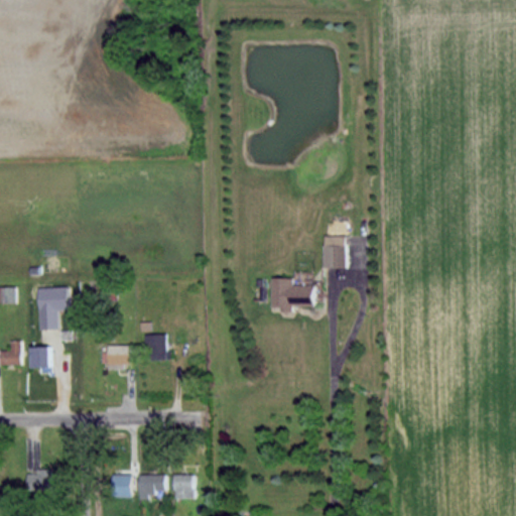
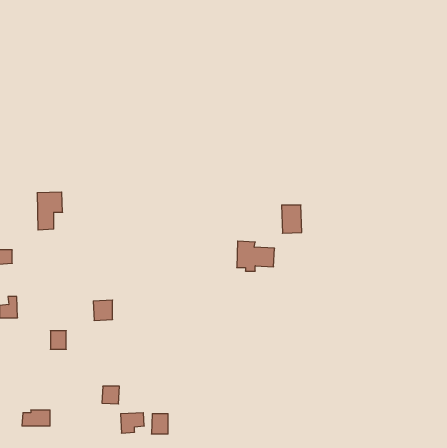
building: [38,287,68,331] -> [37,192,63,230]
building: [146,335,170,361] -> none
building: [31,348,49,369] -> [50,331,66,349]
building: [111,476,131,496] -> [102,386,119,404]

